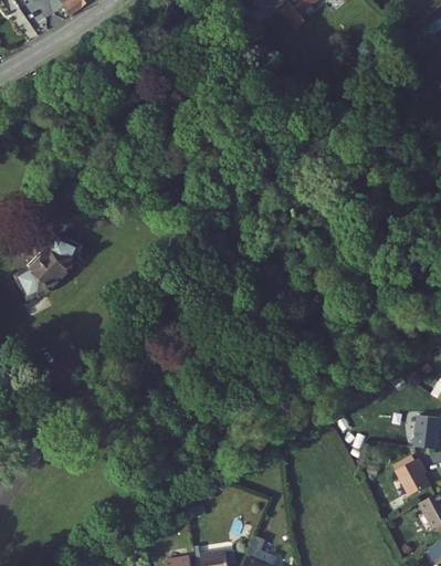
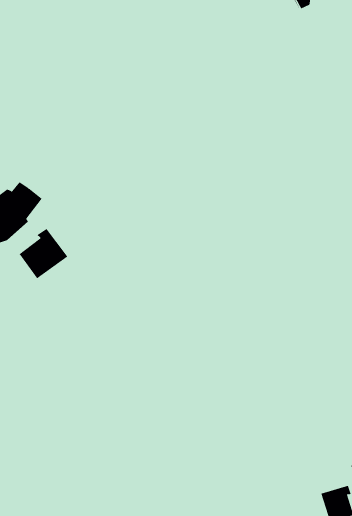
building: none -> [19,228,68,279]

